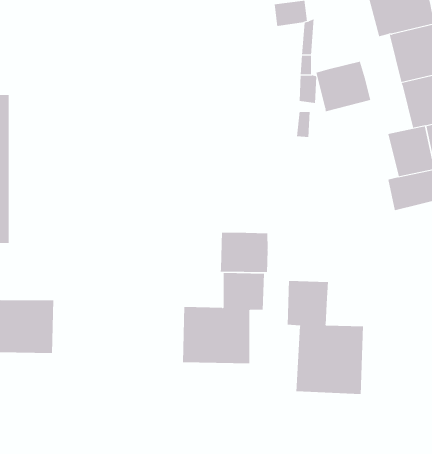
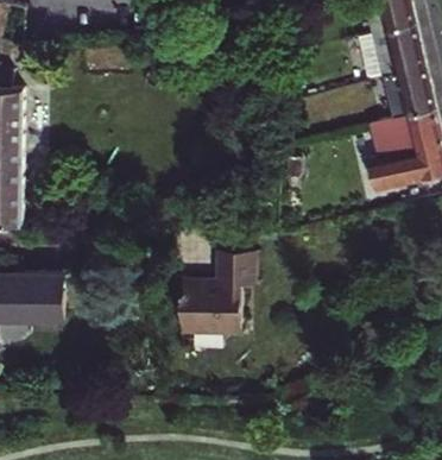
building: [316,61,371,112] -> none
building: [220,232,268,273] -> none
building: [287,280,364,395] -> none

